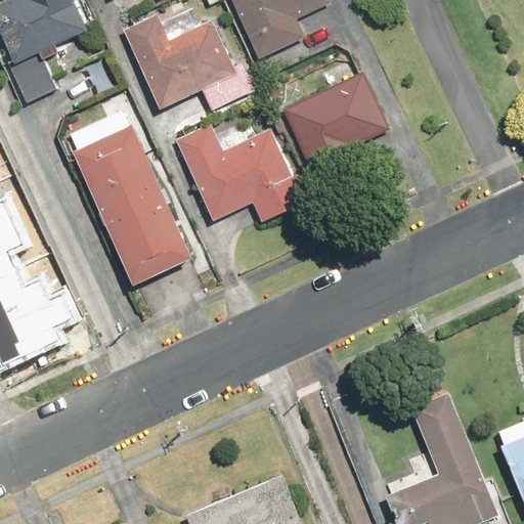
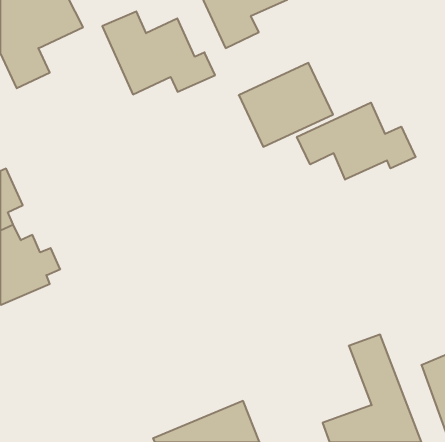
building: [70,108,190,288] -> none
building: [172,119,299,224] -> none
building: none -> [297,103,416,180]

